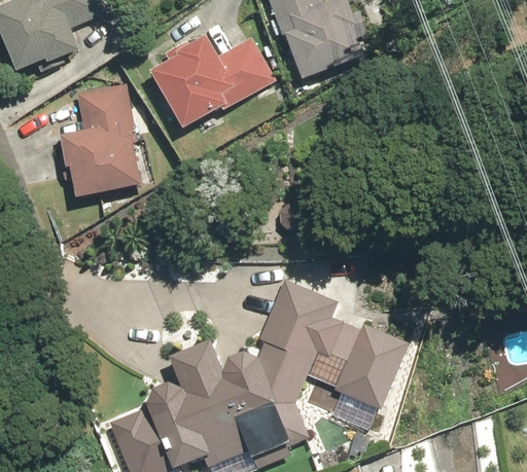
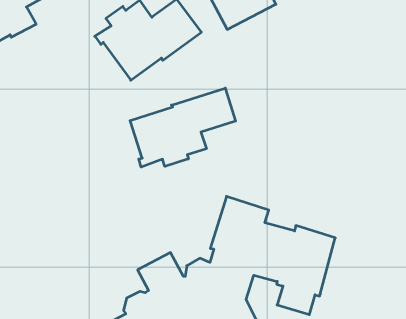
building: [60,83,143,198] -> none
building: none -> [130,88,236,167]

